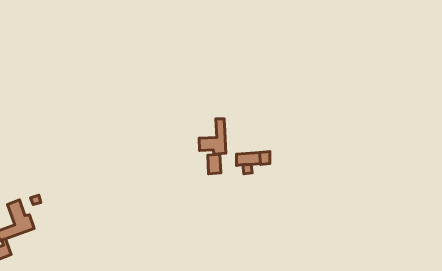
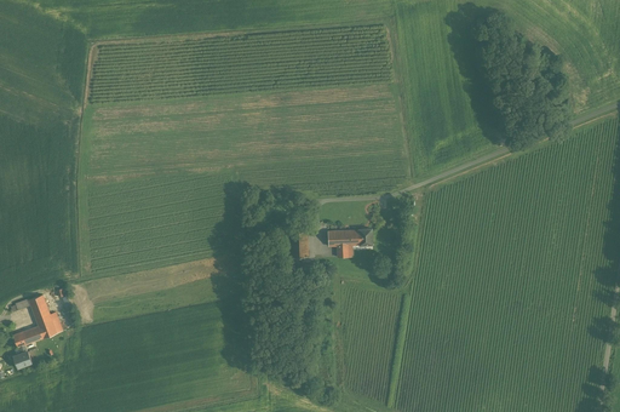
building: [199,119,226,154] -> none

